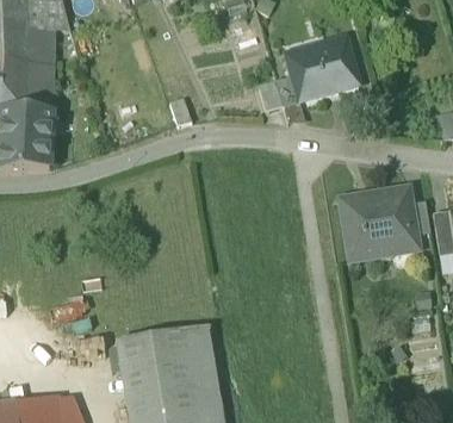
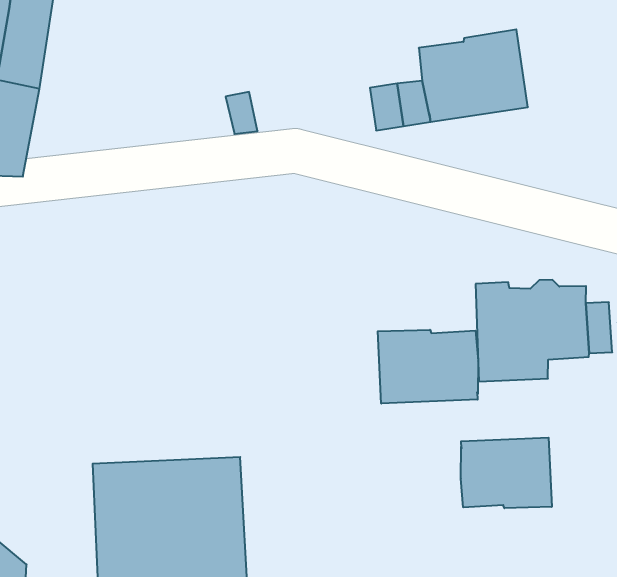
building: none -> [378,330,478,404]
building: none -> [461,438,552,508]

